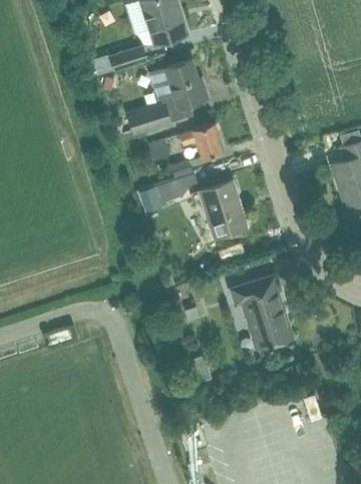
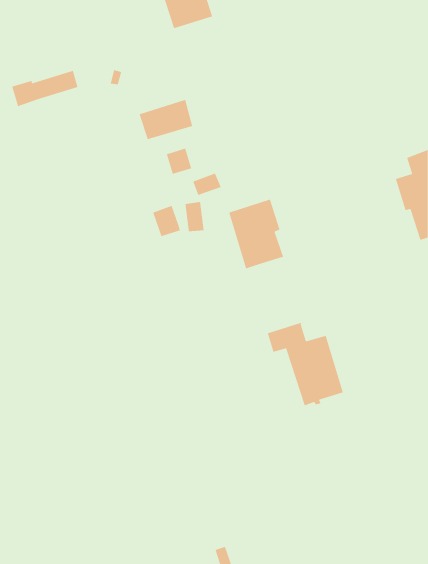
building: [92,47,146,77] -> [11,70,78,107]
building: [150,60,208,108] -> none
building: [179,123,224,158] -> none

